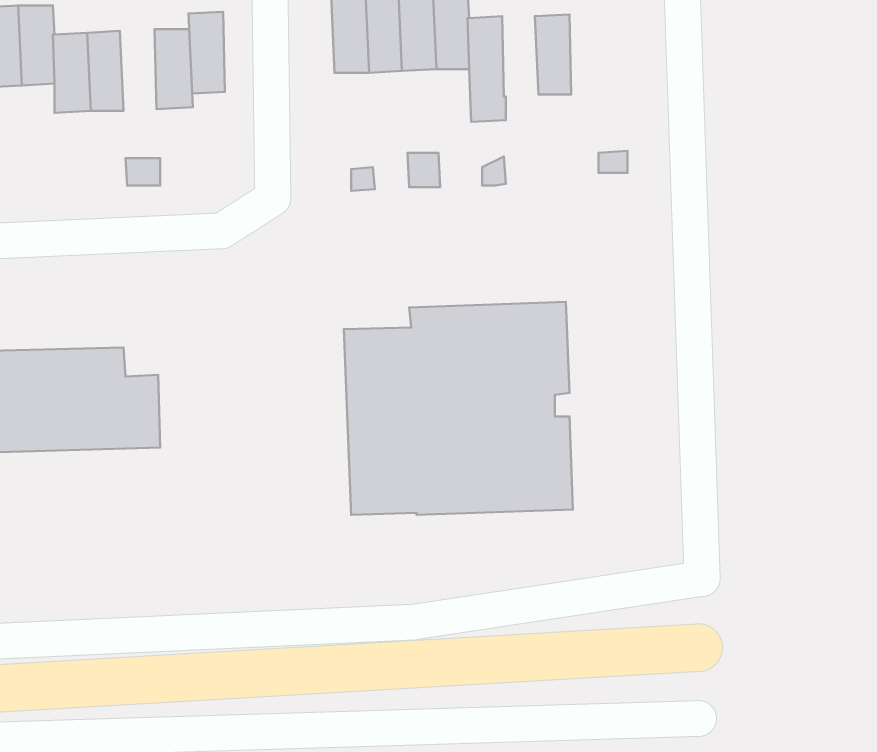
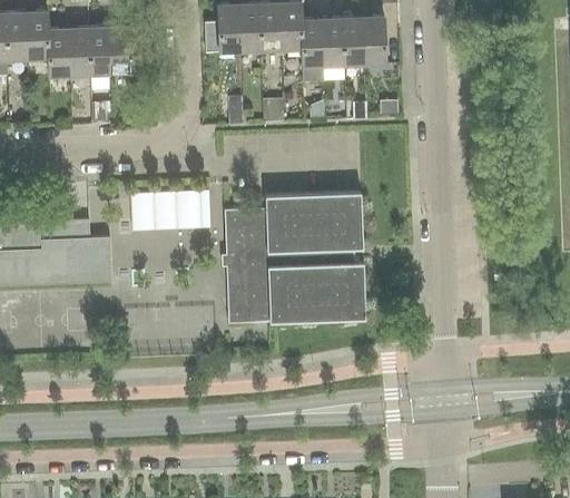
building: [188,12,225,94] -> [88,27,110,77]
building: none -> [363,17,385,67]
building: none -> [322,19,344,68]
building: none -> [128,191,208,231]

